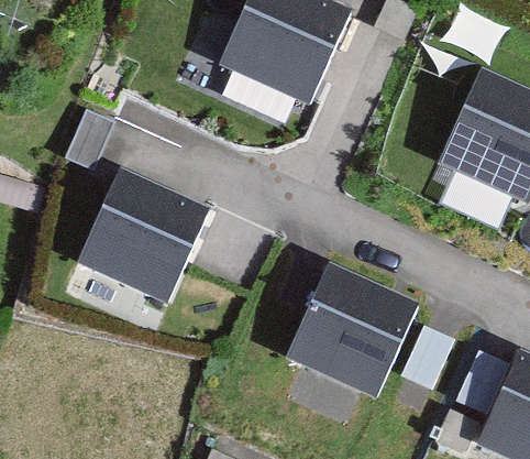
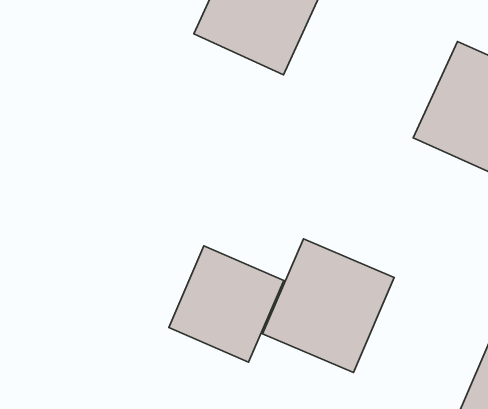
building: [75,167,212,306] -> none
building: none -> [169,246,284,362]

